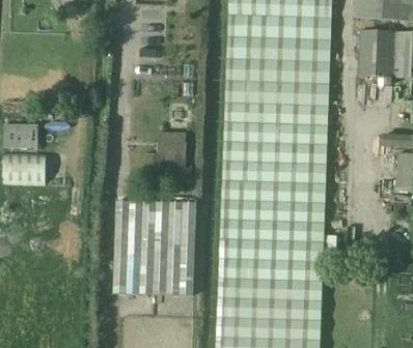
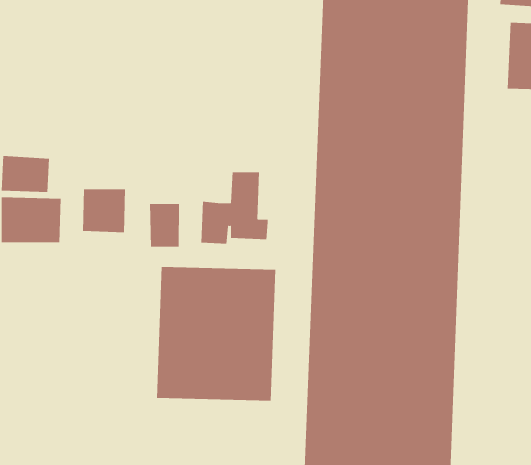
building: none -> [82,189,126,233]
building: none -> [150,203,180,247]

